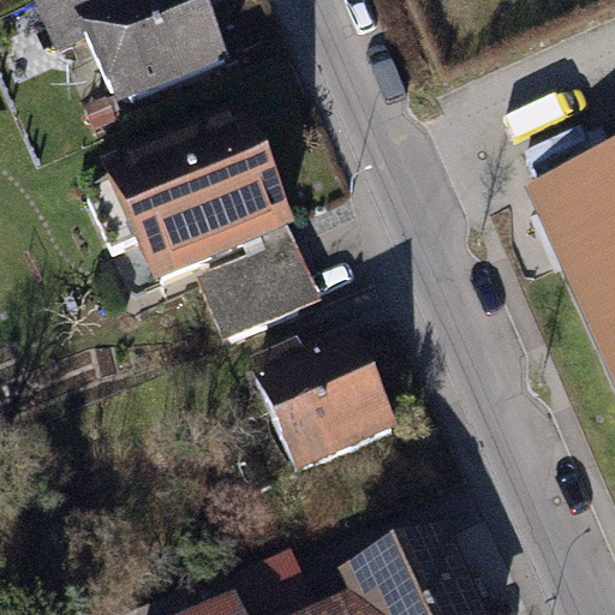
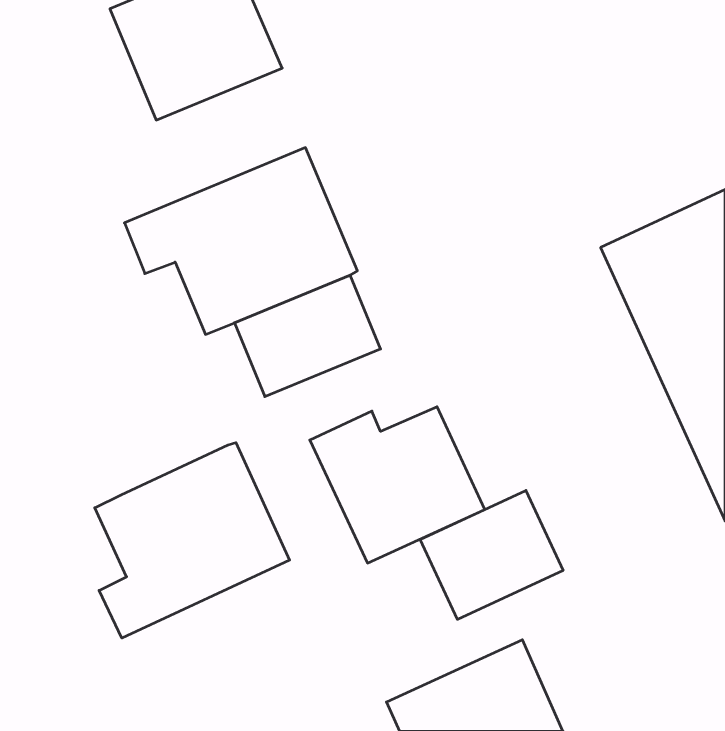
building: none -> [95,443,290,638]
building: none -> [420,490,563,619]

